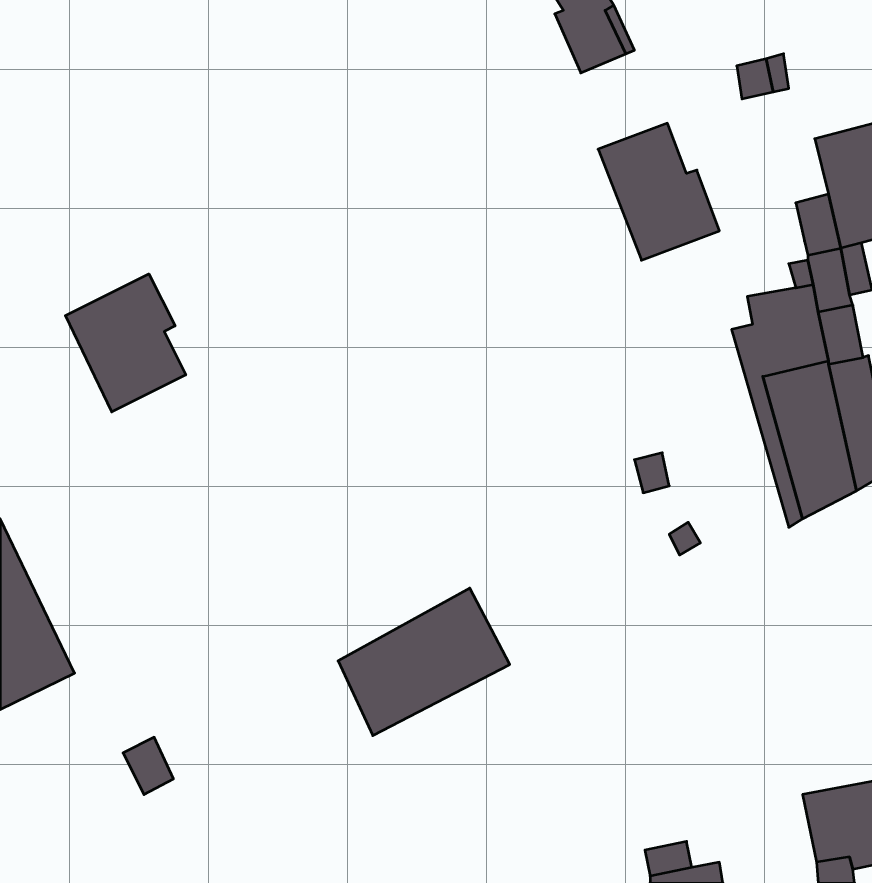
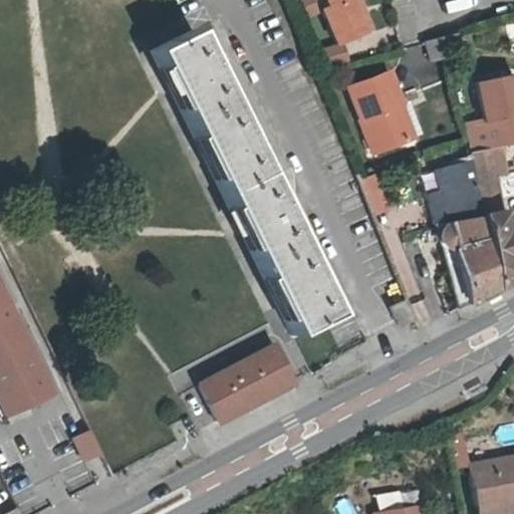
building: none -> [156,27,336,330]
building: [65,274,186,412] -> none

